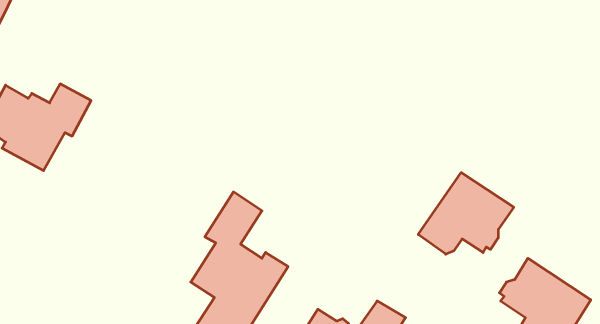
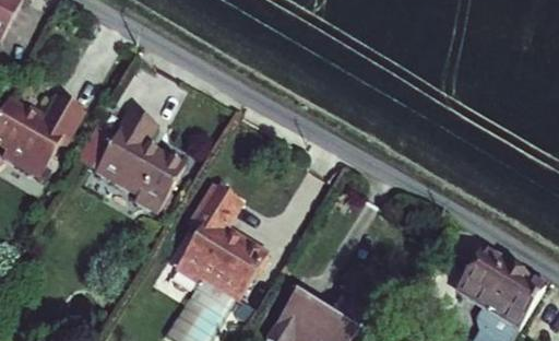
building: none -> [93,110,181,213]
building: [418,173,514,254] -> none

